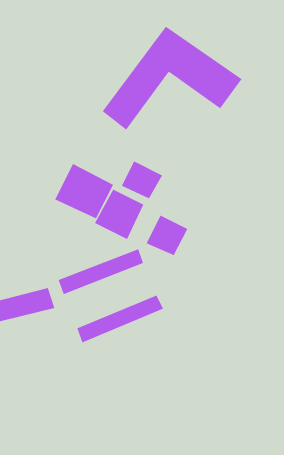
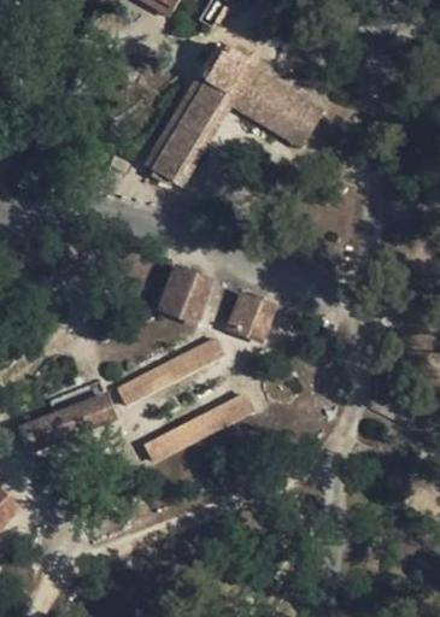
building: [121,160,163,199] -> none
building: [54,163,114,219] -> none

